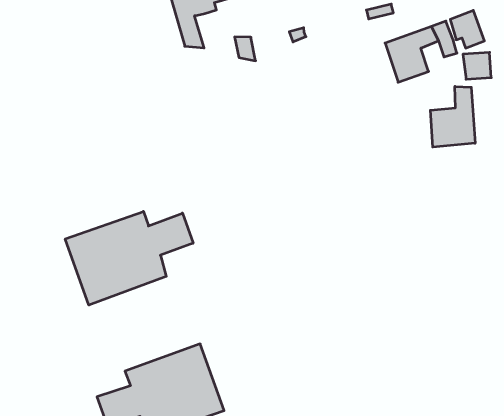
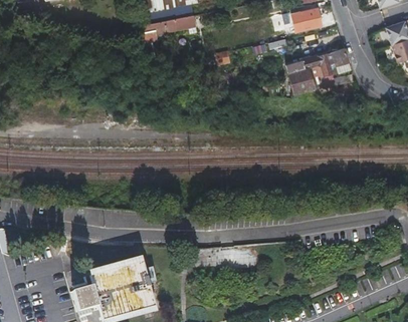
building: [430,86,475,147] -> none
building: [65,211,193,305] -> none

